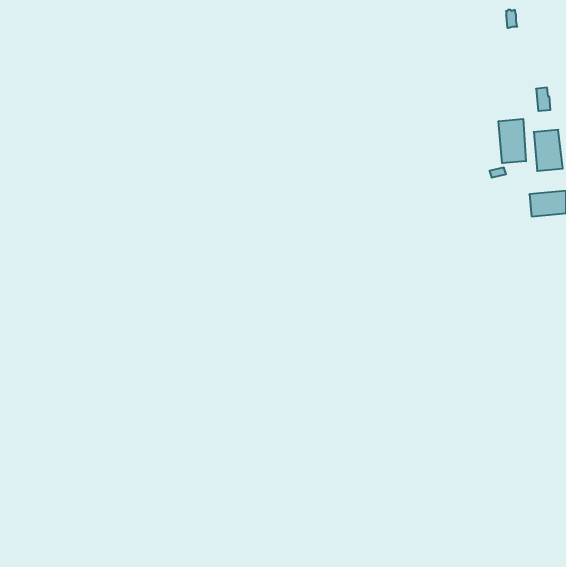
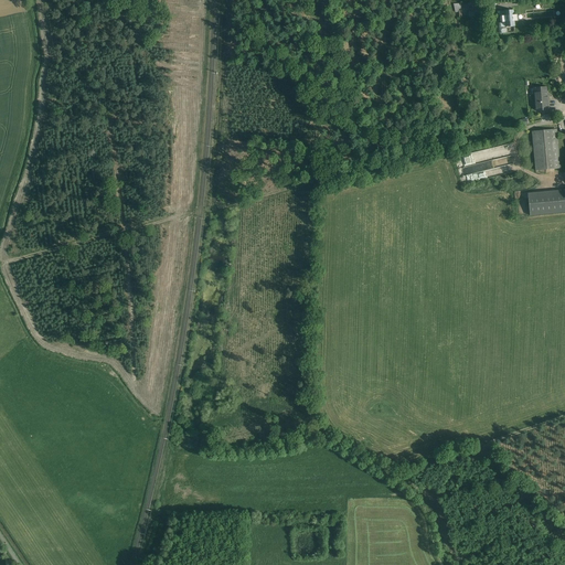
building: [499,119,526,163] -> none

